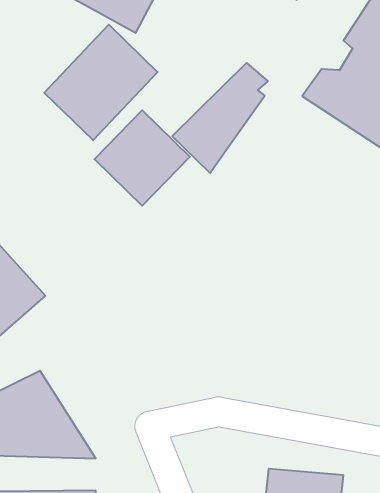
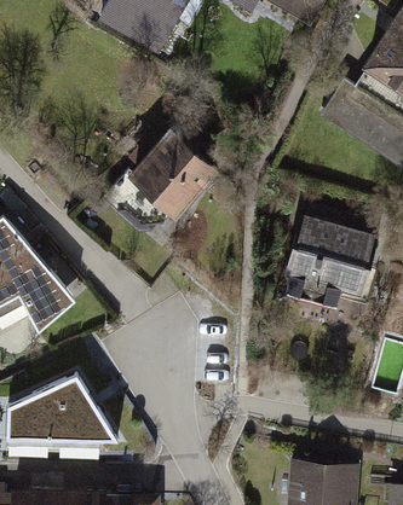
building: [44,25,158,140] -> none
building: [172,63,268,173] -> none
building: none -> [283,214,380,312]

